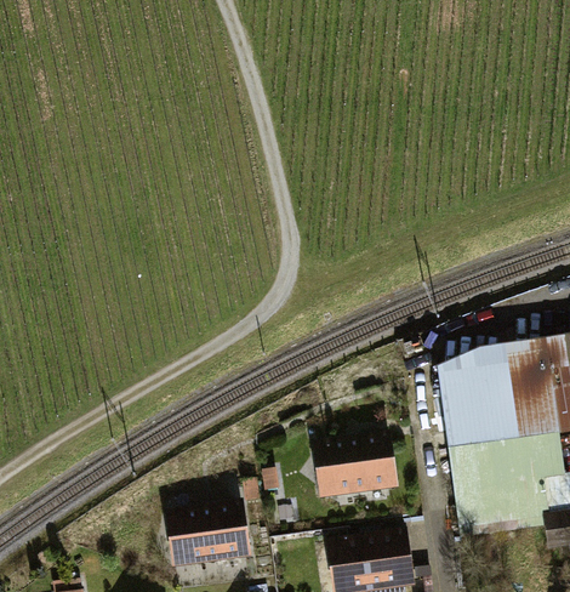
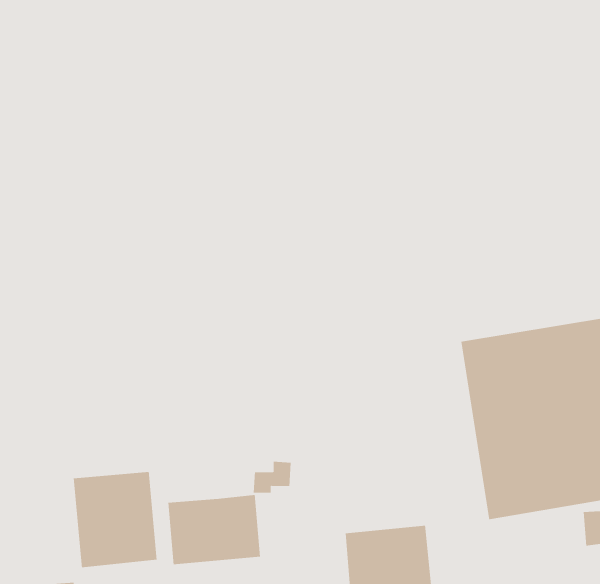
building: [317,436,393,494] -> none
building: none -> [73,471,157,568]

